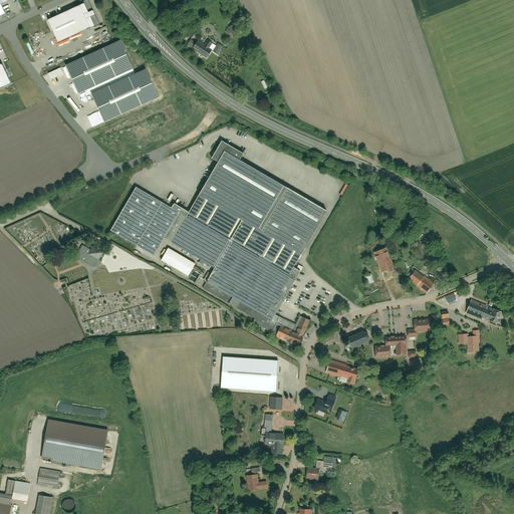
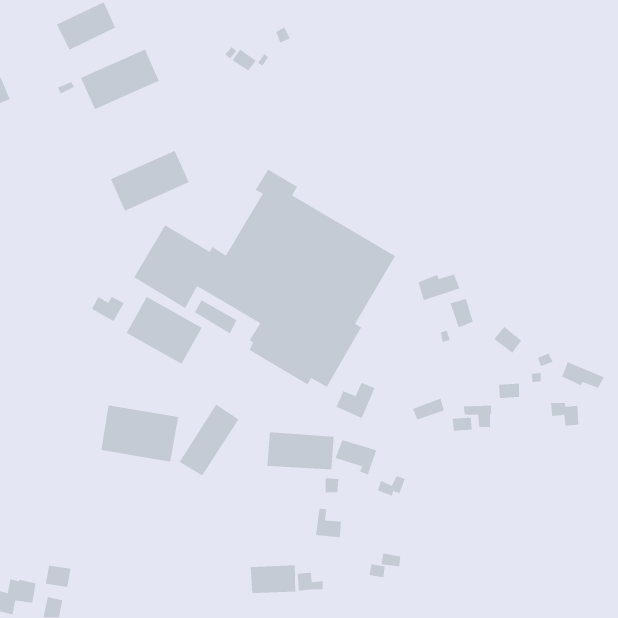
building: [91,69,158,120] -> [110,150,190,212]
building: none -> [417,274,460,301]
building: none -> [126,296,203,365]
building: none -> [179,403,240,477]
building: [323,357,358,388] -> [335,439,377,475]
building: [41,420,106,468] -> [100,404,179,463]
building: none -> [250,564,296,594]

